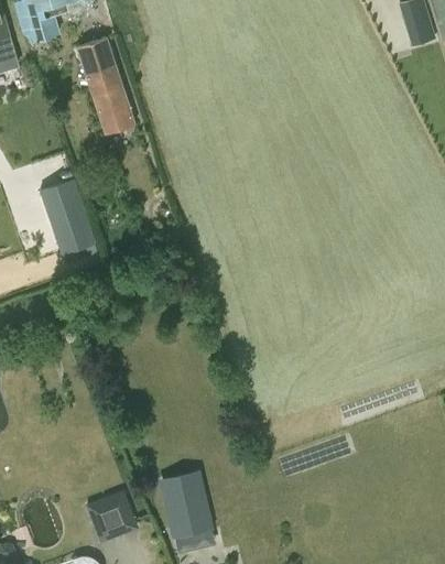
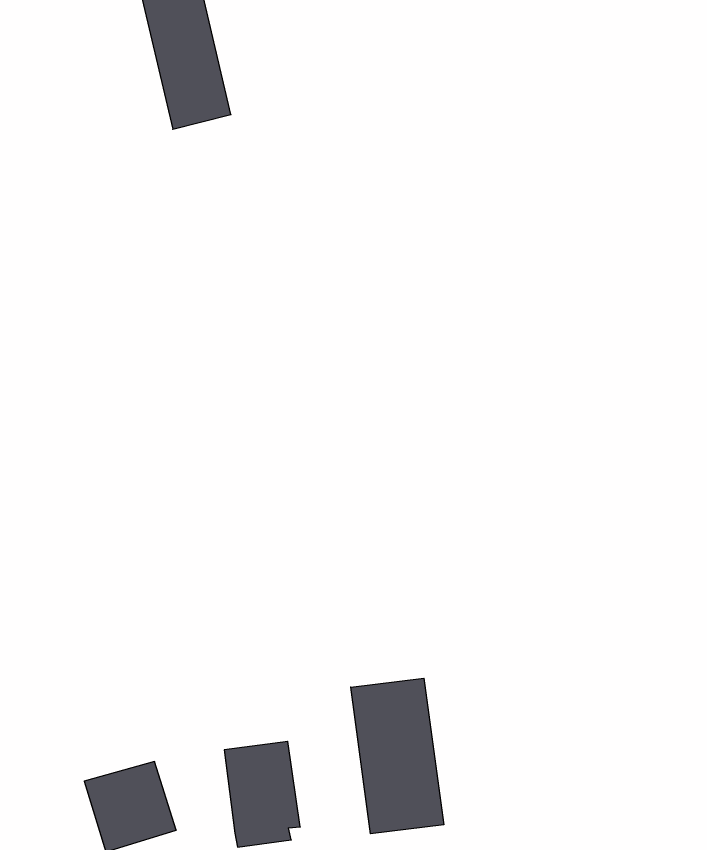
building: [40,178,95,253] -> none
building: none -> [351,678,444,834]

